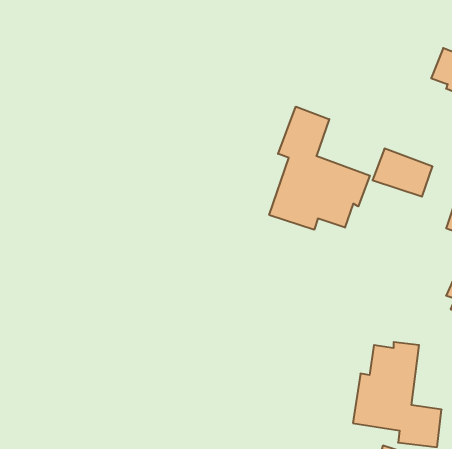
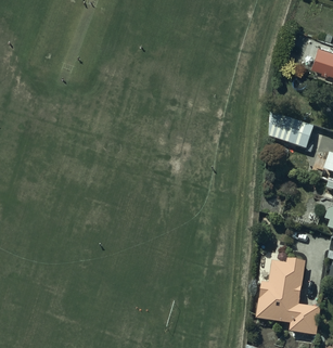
building: [269,107,370,230] -> none

